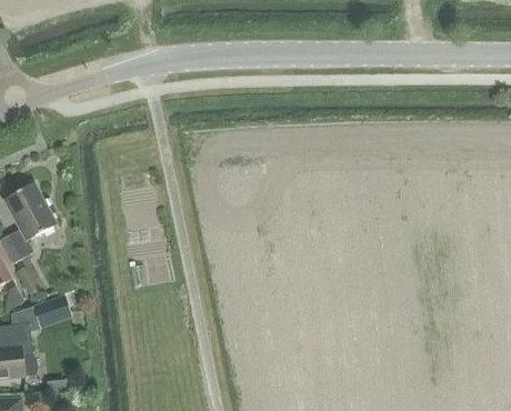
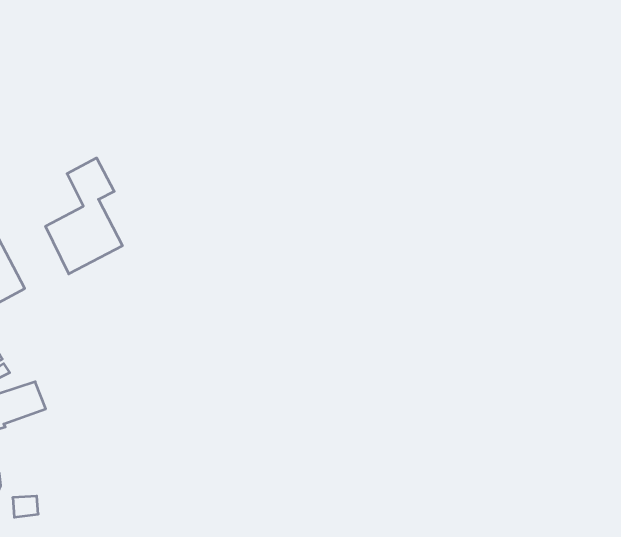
building: none -> [46,158,122,274]

